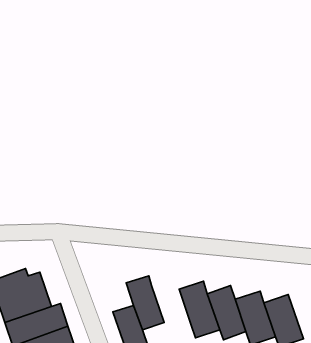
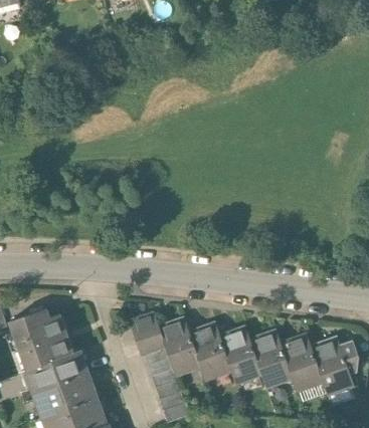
building: none -> [130,310,167,359]
building: none -> [187,320,231,383]

